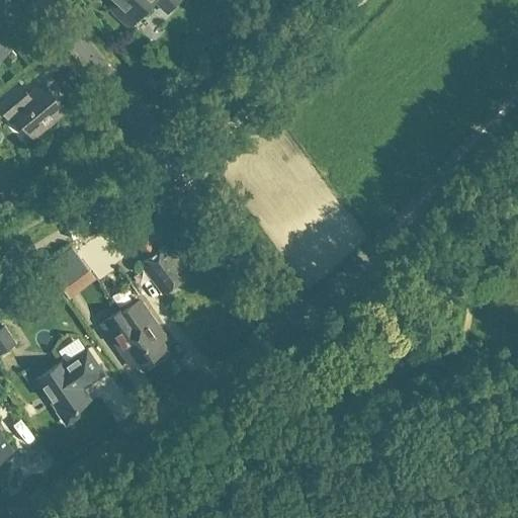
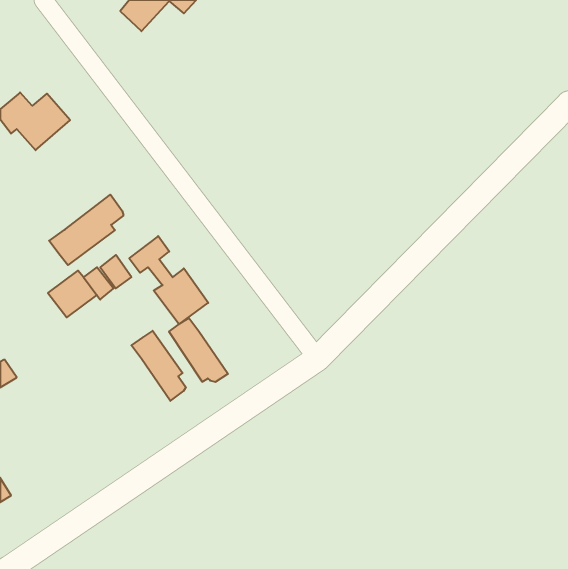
building: none -> [49,195,123,265]
building: [102,314,156,371] -> [169,318,228,382]
building: [36,350,103,423] -> none

